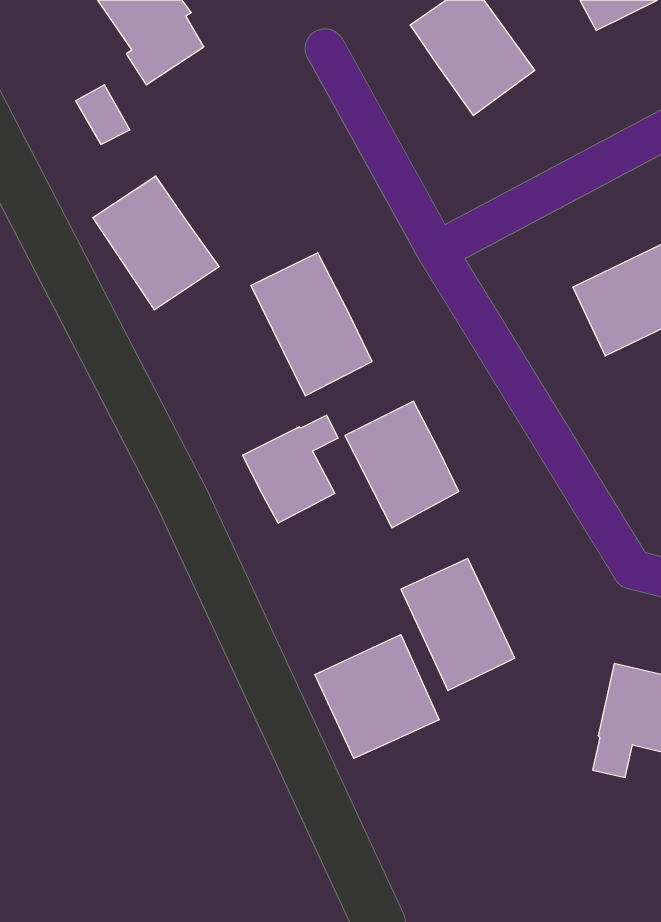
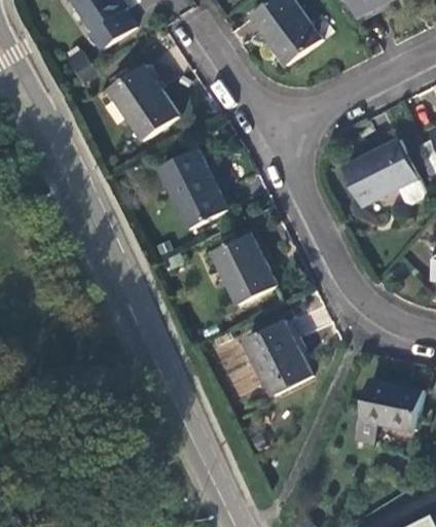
building: [93,176,219,310] -> [104,63,176,139]
building: [243,415,338,523] -> none
building: [315,635,439,758] -> none

